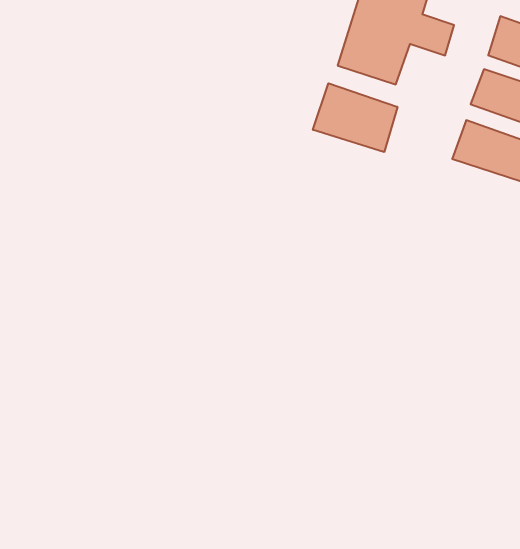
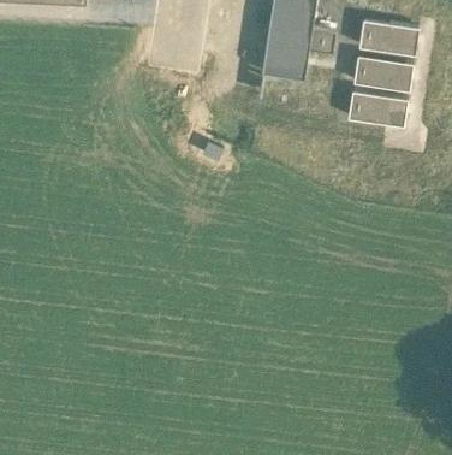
building: [313,83,397,152] -> none

